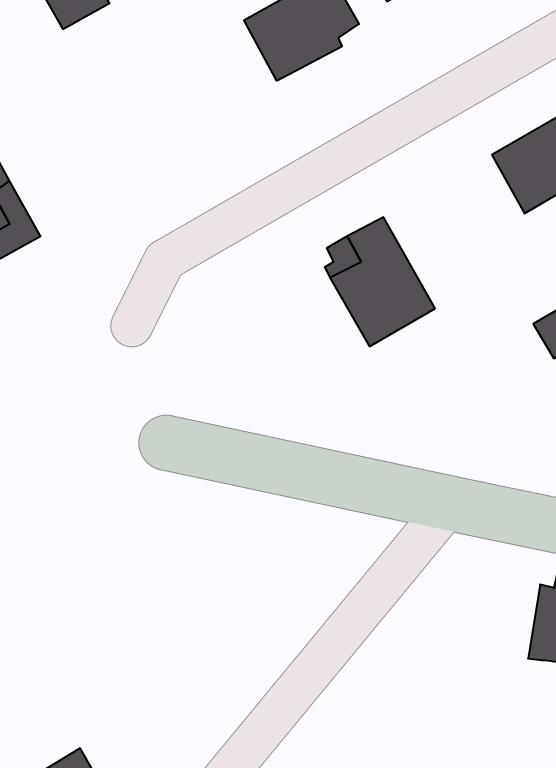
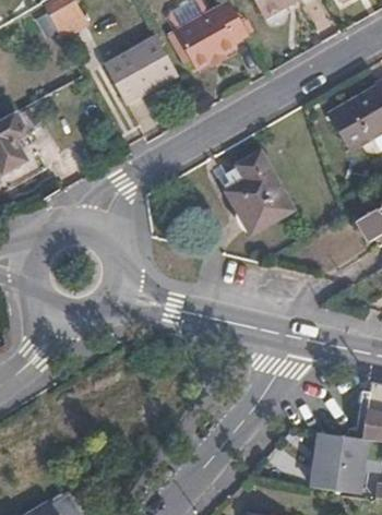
building: none -> [100,36,175,104]
building: none -> [309,430,362,489]

